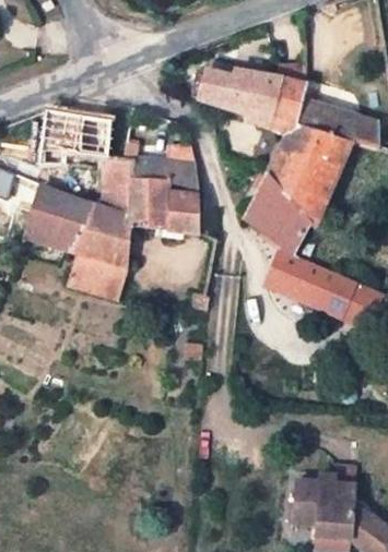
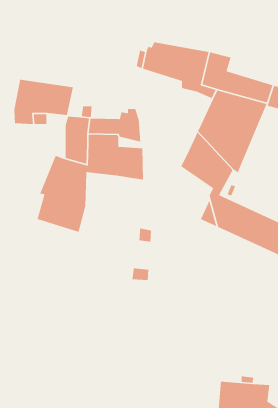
building: [26,184,90,251] -> none

